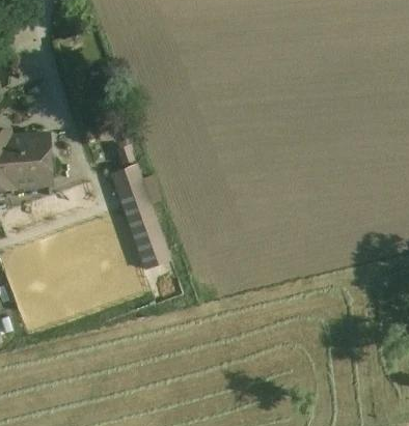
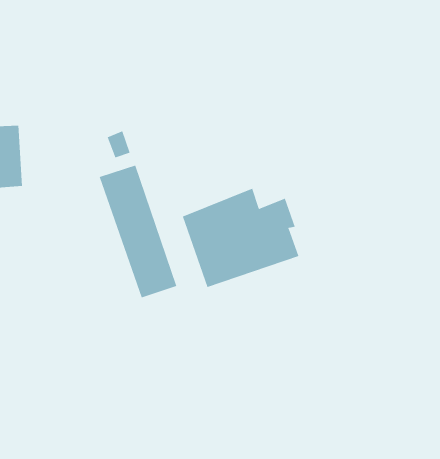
building: none -> [182,188,299,288]

